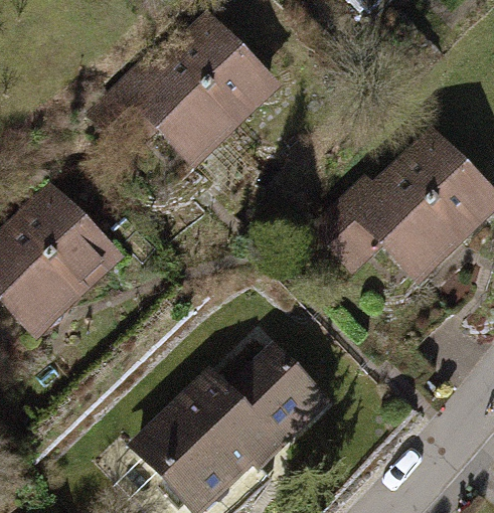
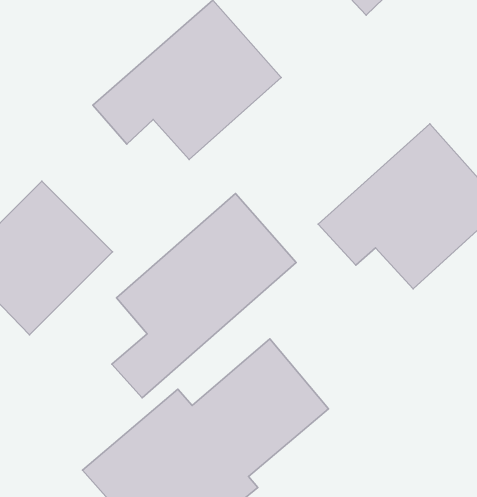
building: none -> [112,193,296,398]

